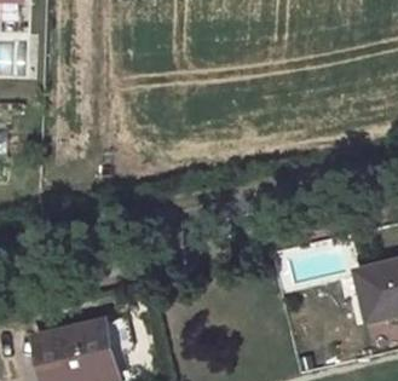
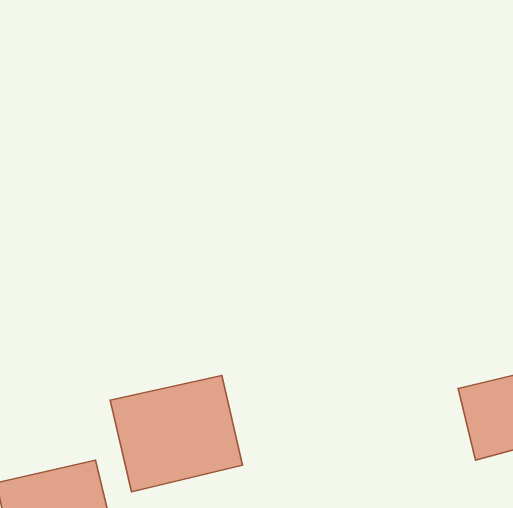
building: none -> [110,375,242,492]

